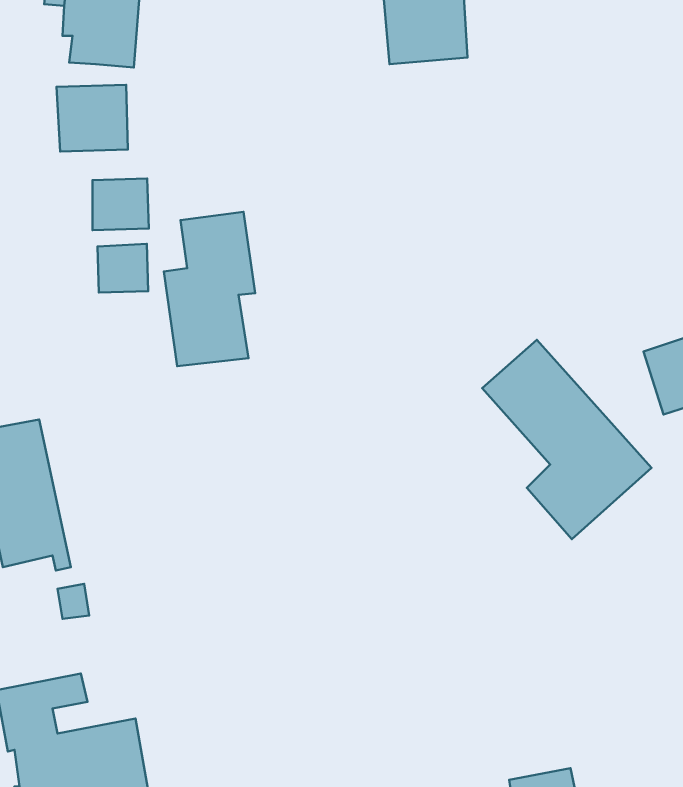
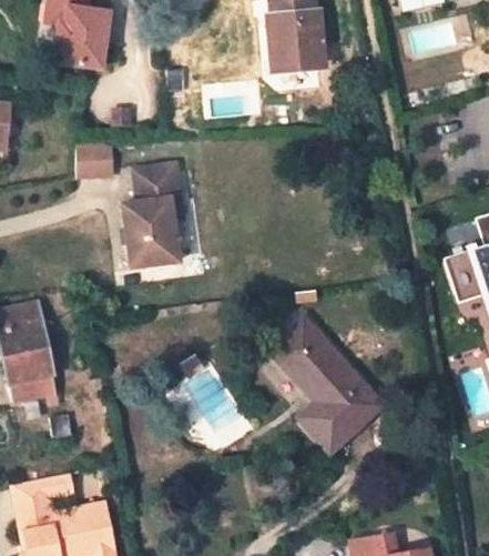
building: [56,85,128,152] -> none
building: [98,244,148,293] -> none
building: [482,340,652,539] -> [269,319,383,452]

